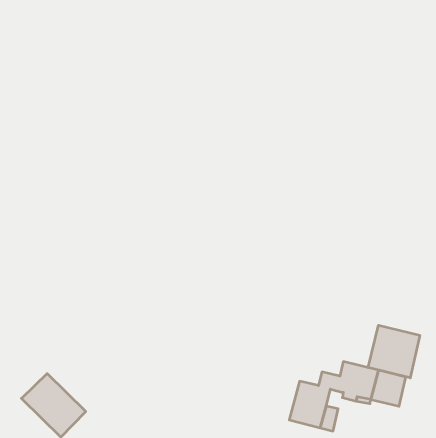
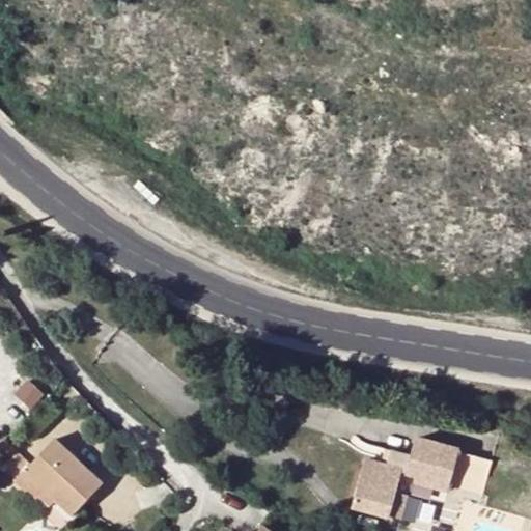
building: [368,325,420,378] -> none

